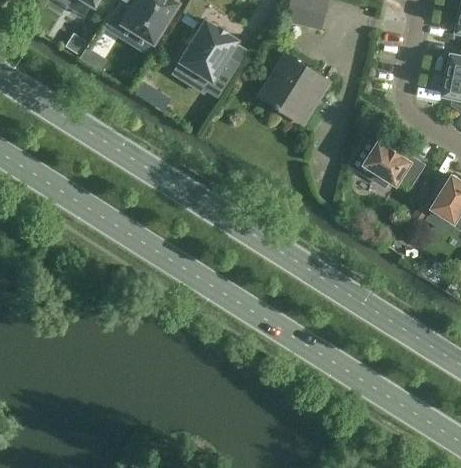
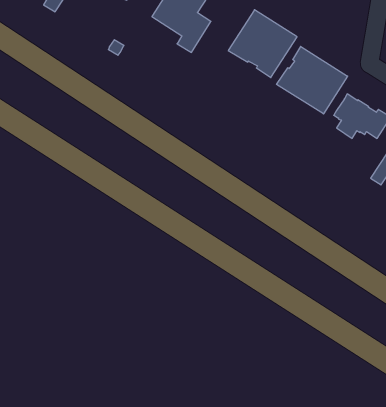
building: none -> [277,46,348,114]

